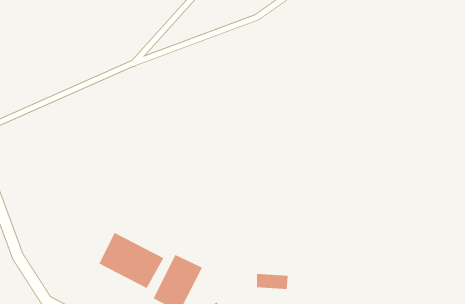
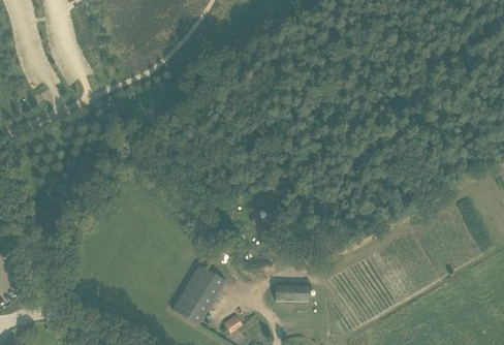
building: [99,232,164,289] -> none

